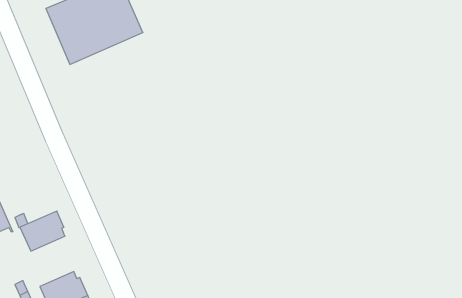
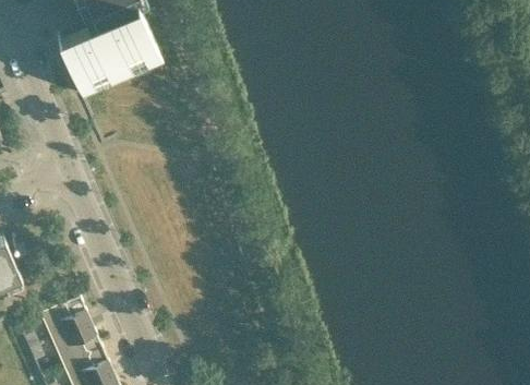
building: [20,211,65,251] -> [37,297,86,340]

